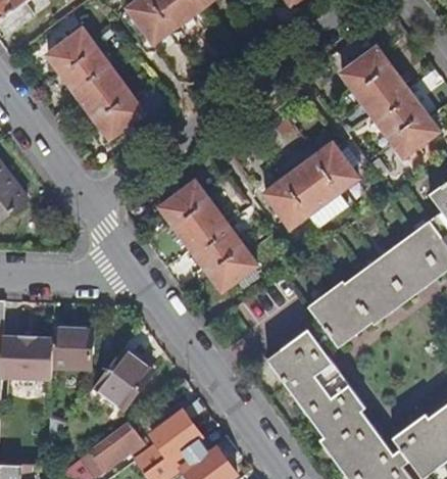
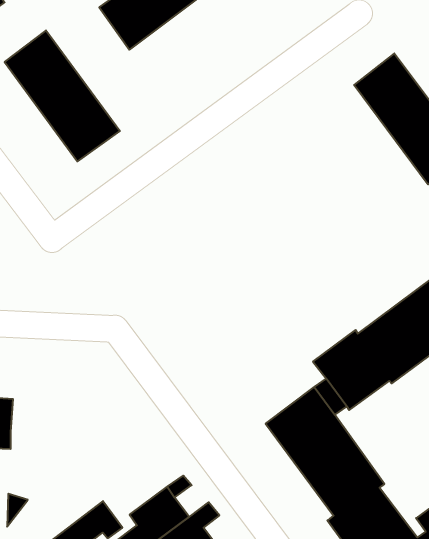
building: [263,143,357,228] -> none
building: [160,182,256,291] -> none
building: [52,327,91,368] -> none
building: [93,346,152,408] -> none

